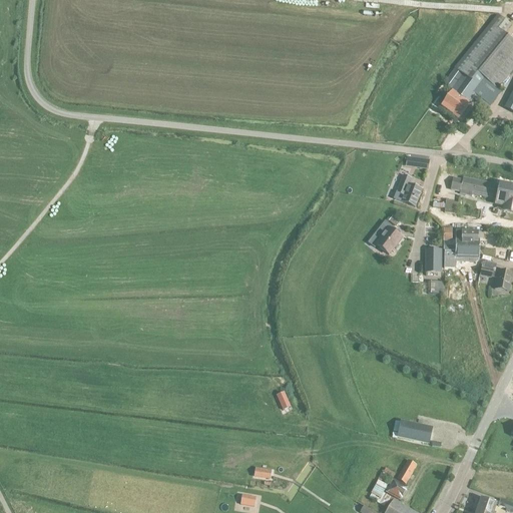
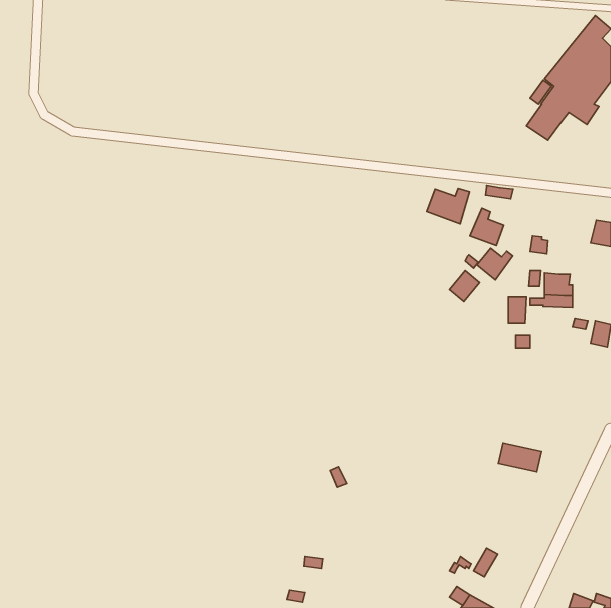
building: none -> [427,189,469,224]
building: [456,177,484,200] -> none
building: none -> [477,248,513,280]
building: [397,418,433,442] -> [498,443,541,472]

